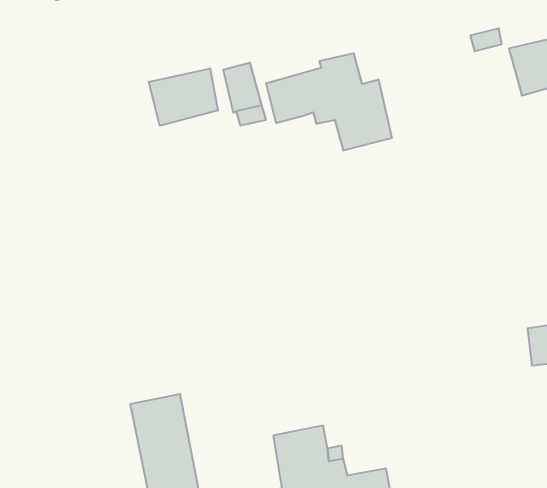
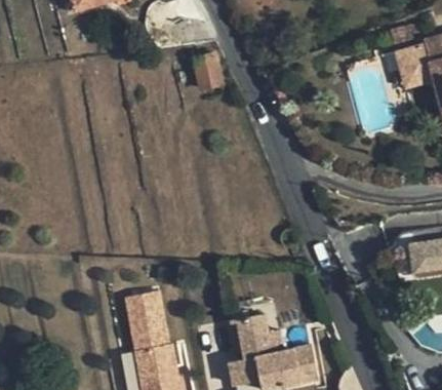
building: [266,53,392,151] -> none
building: [149,68,218,126] -> none

